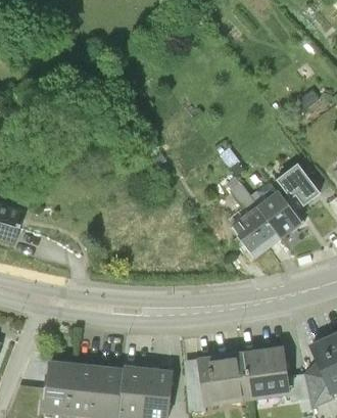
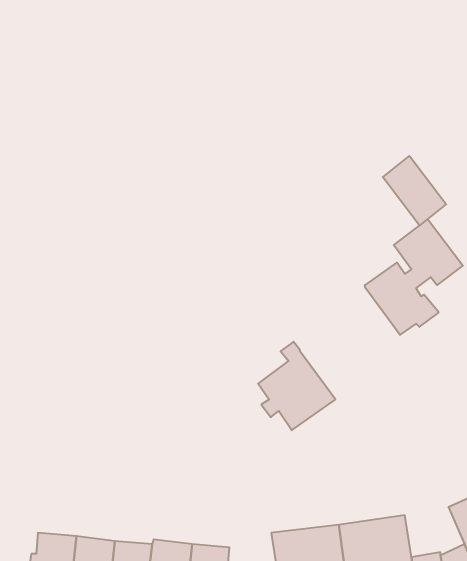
building: none -> [383,156,446,225]
building: [231,198,280,254] -> [258,342,335,430]

